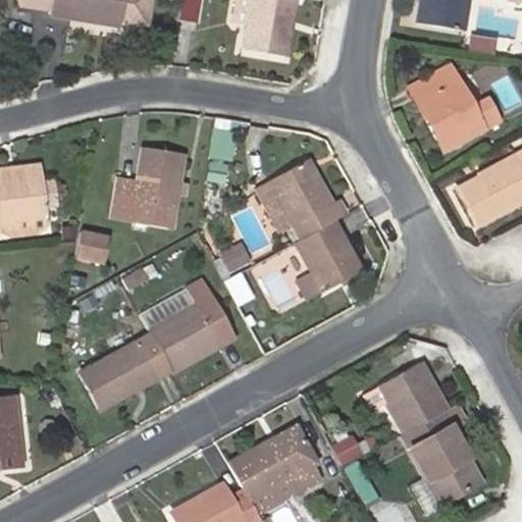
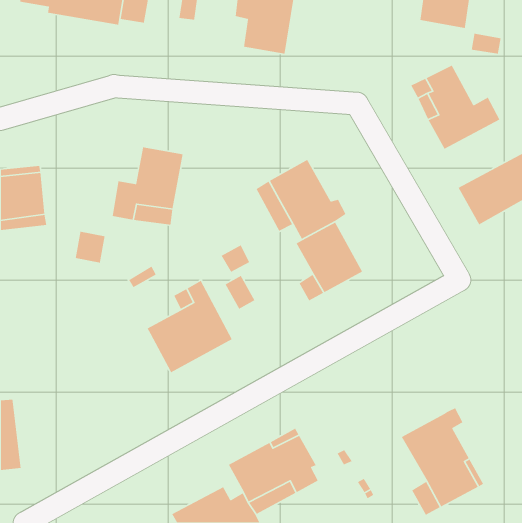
building: [79,332,171,409] -> none
building: [377,363,447,432] -> none

